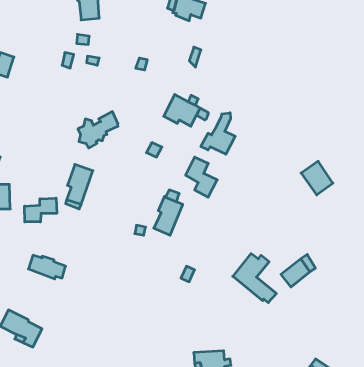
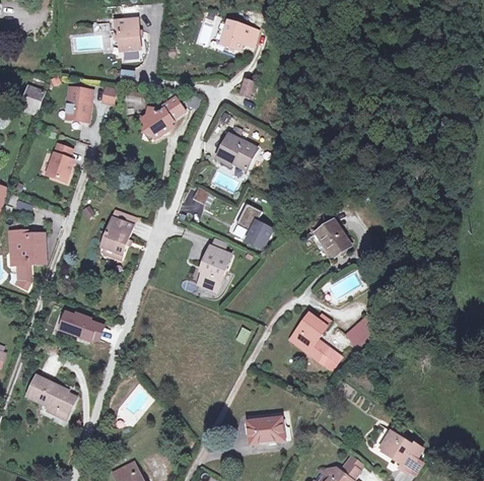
building: none -> [62,85,88,120]
building: none -> [44,143,71,181]
building: [78,112,118,148] -> [136,97,181,138]
building: [201,113,235,154] -> none
building: [301,161,333,195] -> [312,219,347,257]
building: [25,198,57,222] -> none

